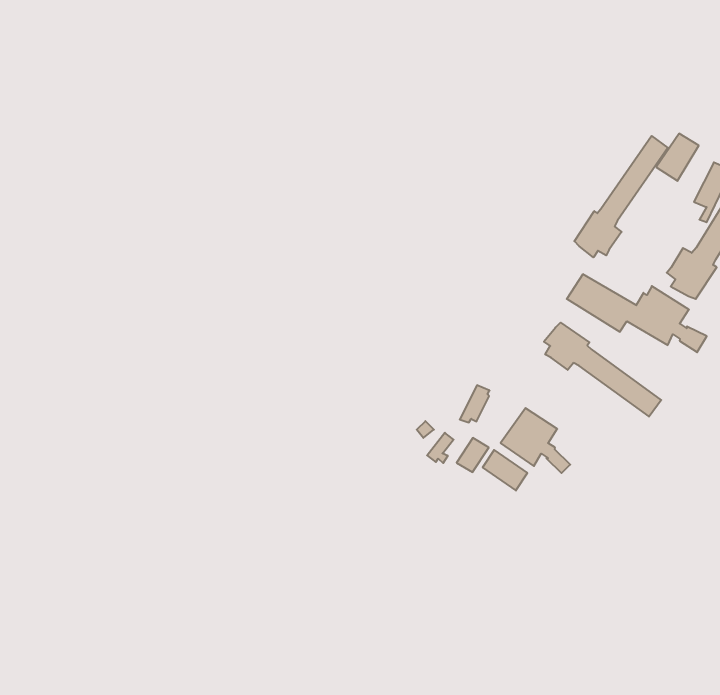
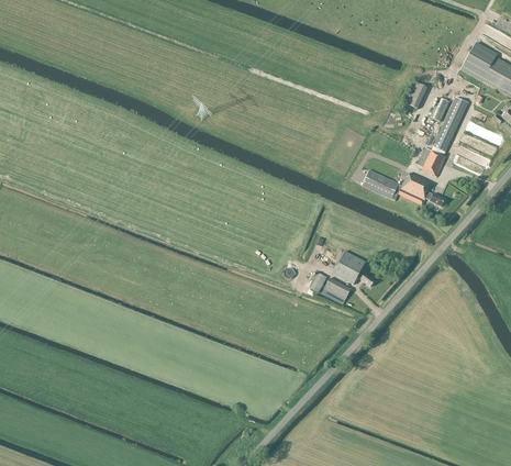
building: [574,136,668,257] -> none
building: [544,323,661,417] -> none

